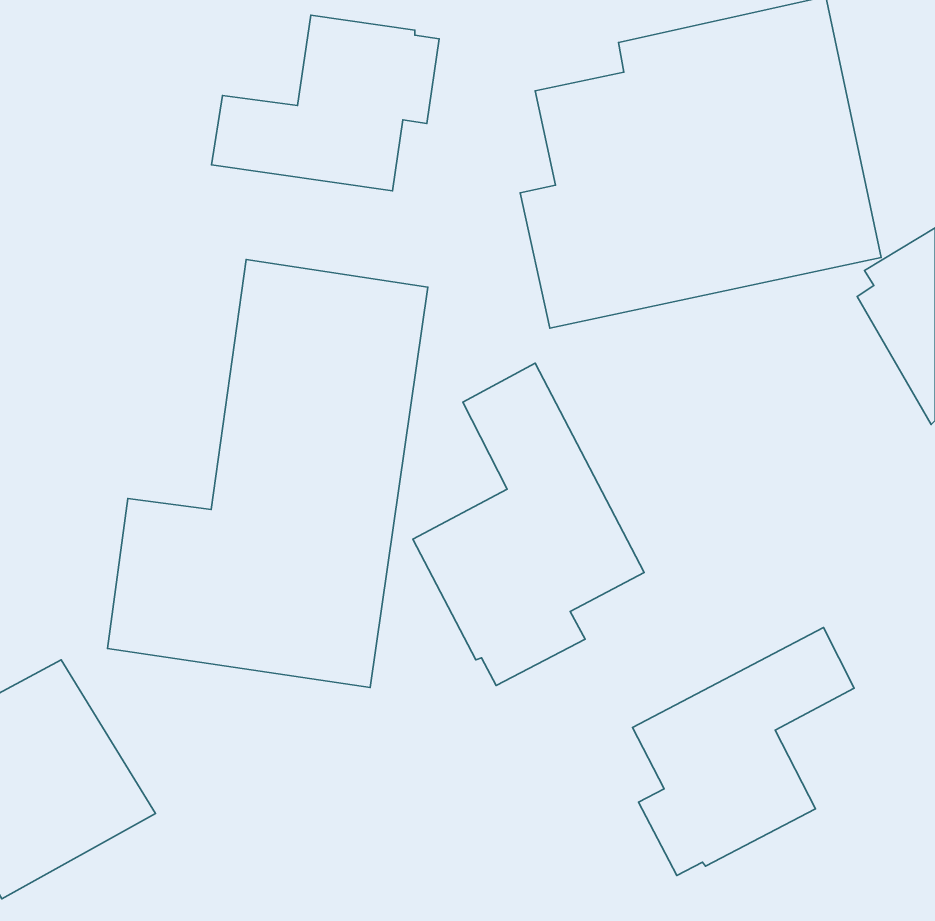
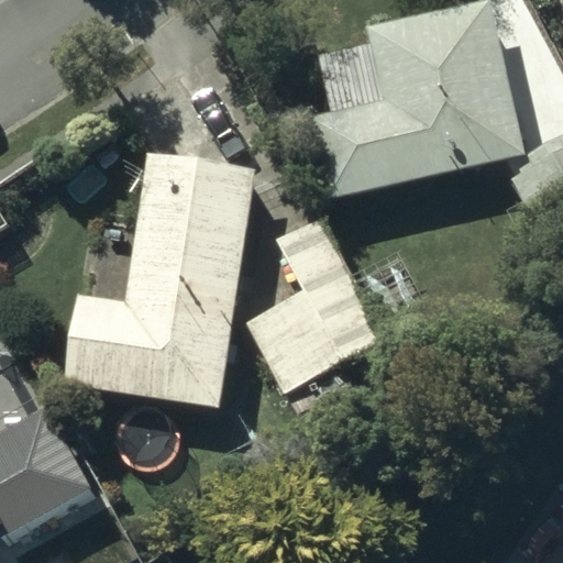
building: [212,15,439,191] -> none
building: [632,628,854,875] -> none

